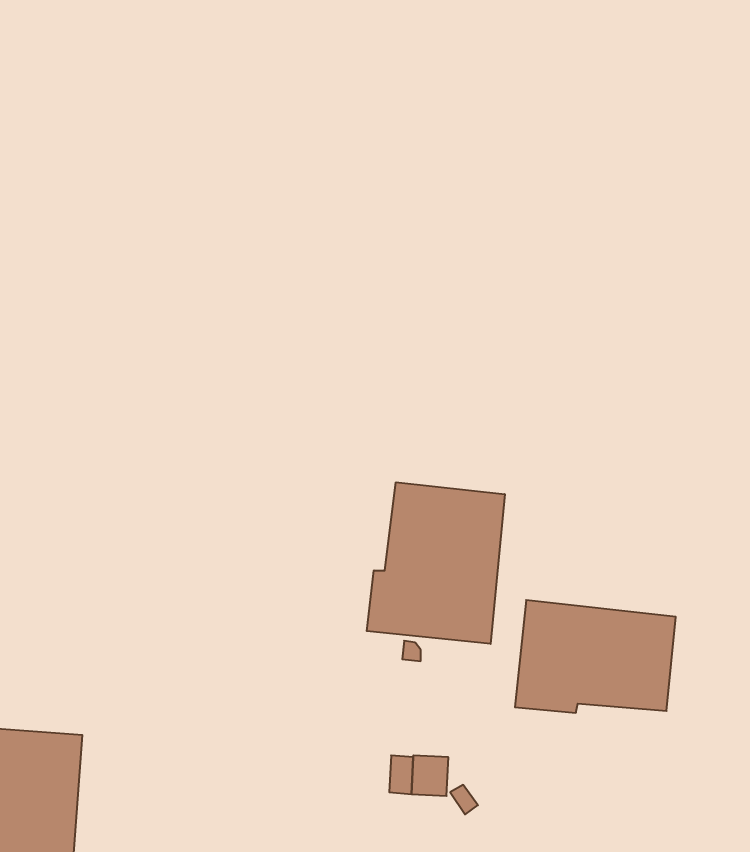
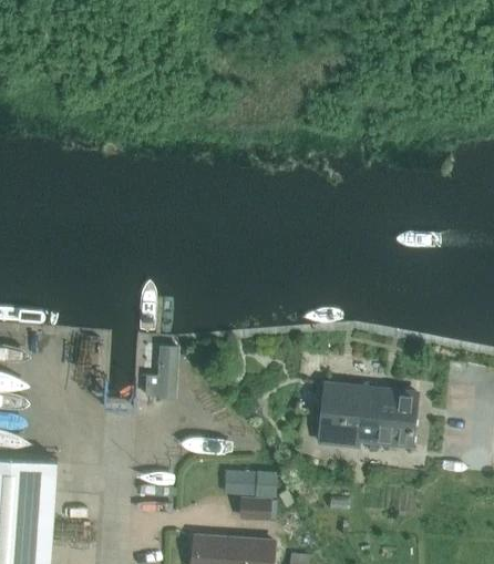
building: [367,482,505,644] -> none
building: none -> [238,498,270,521]

